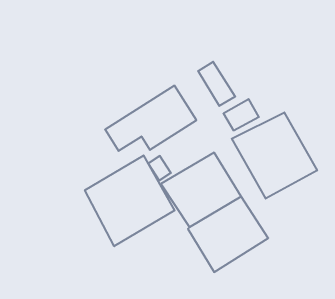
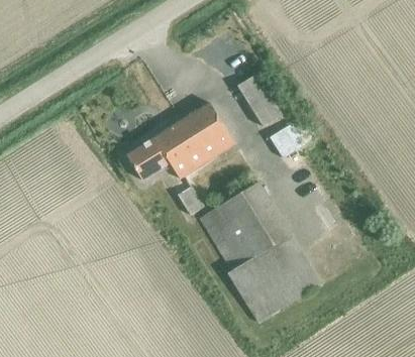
building: [232,112,317,199] -> none
building: [85,155,175,246] -> none

